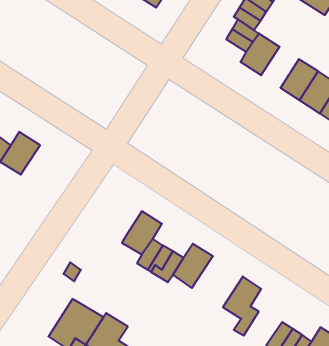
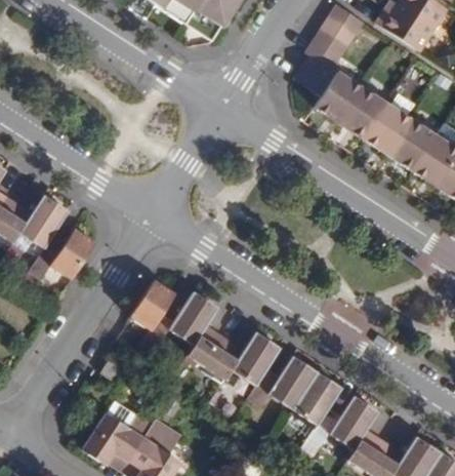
building: none -> [340,89,386,140]
building: none -> [30,227,96,277]
building: none -> [130,279,175,350]
building: none -> [247,355,318,409]
building: none -> [328,393,377,447]

